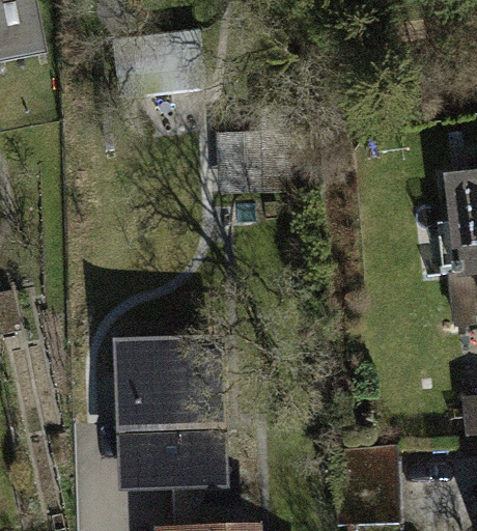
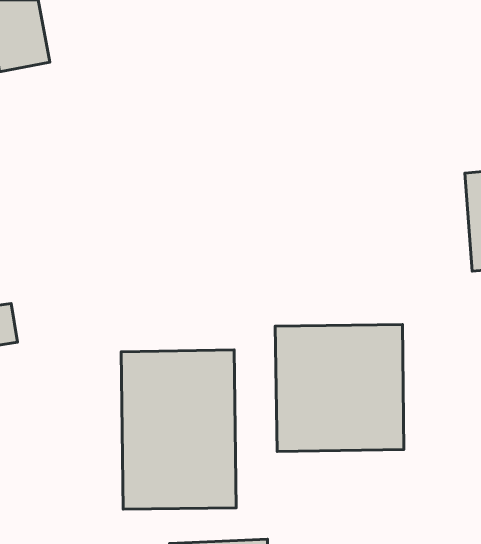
building: none -> [275,325,404,451]

